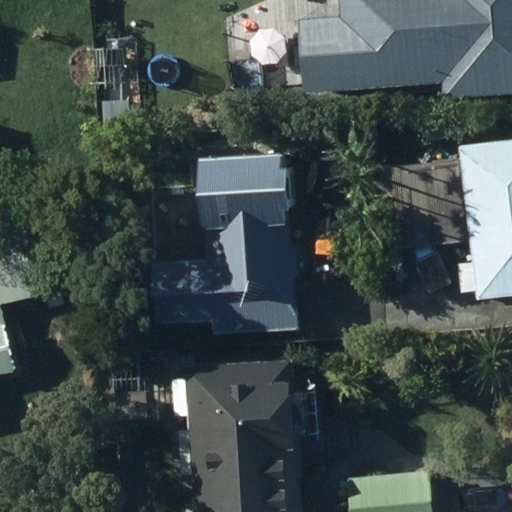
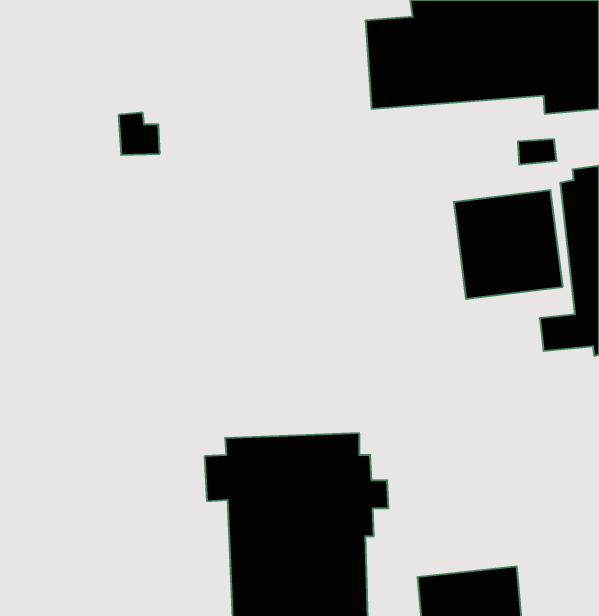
building: [154,148,305,332] -> none

